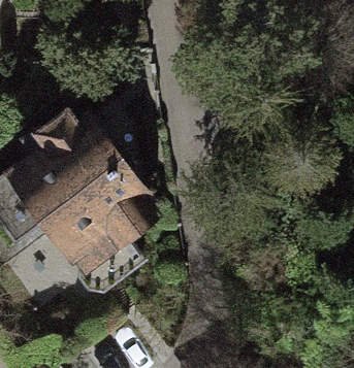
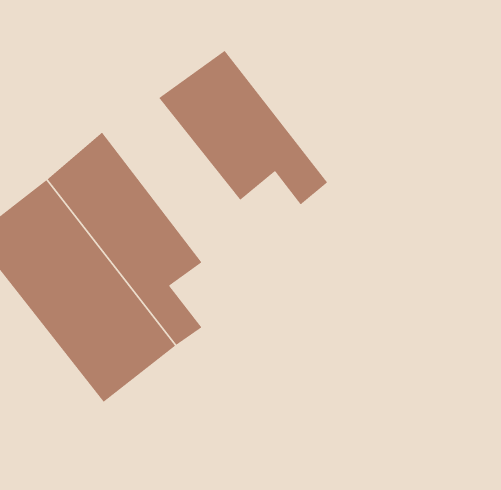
building: none -> [158,50,328,205]

